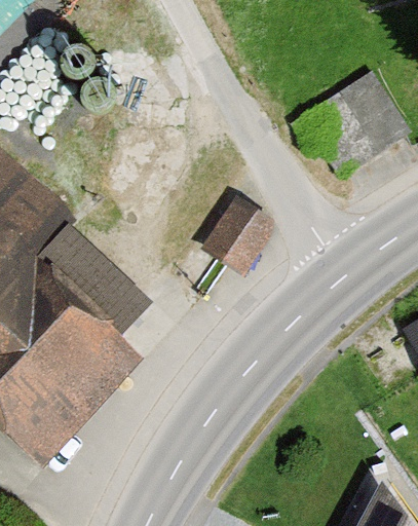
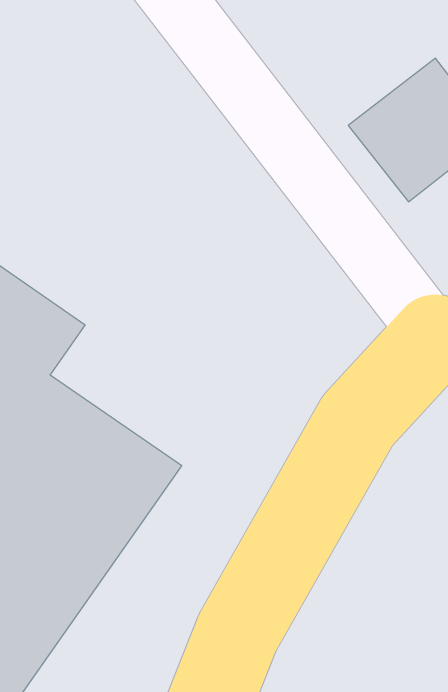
building: [197,185,277,266] -> none

